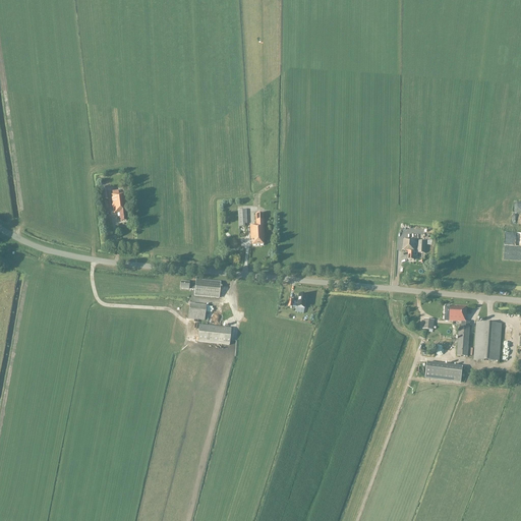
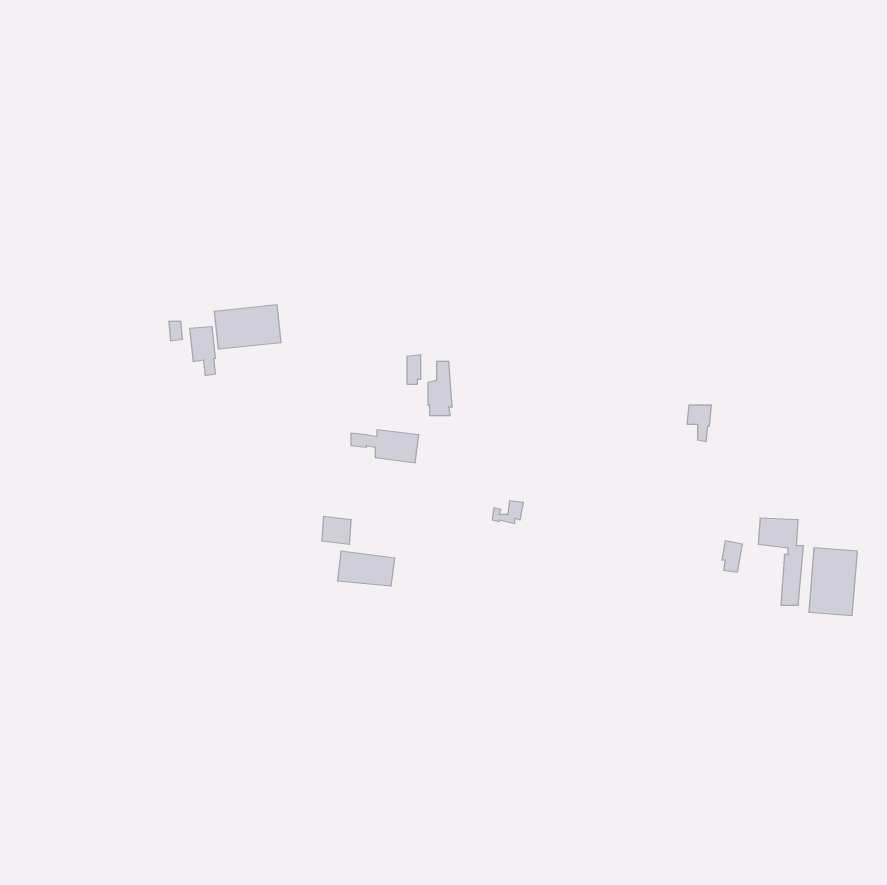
building: none -> [215,305,281,349]
building: [181,278,221,297] -> [351,430,419,463]
building: [426,361,463,381] -> none

